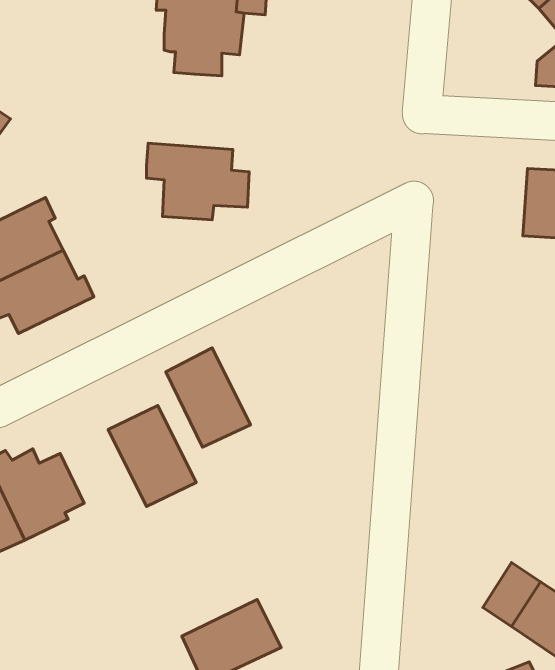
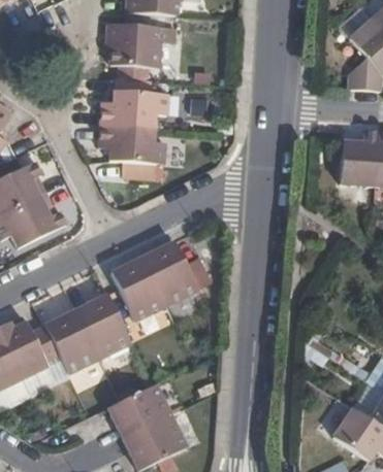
building: none -> [99,78,167,128]
building: none -> [140,240,210,305]
building: none -> [42,308,98,373]
building: none -> [105,386,169,441]

